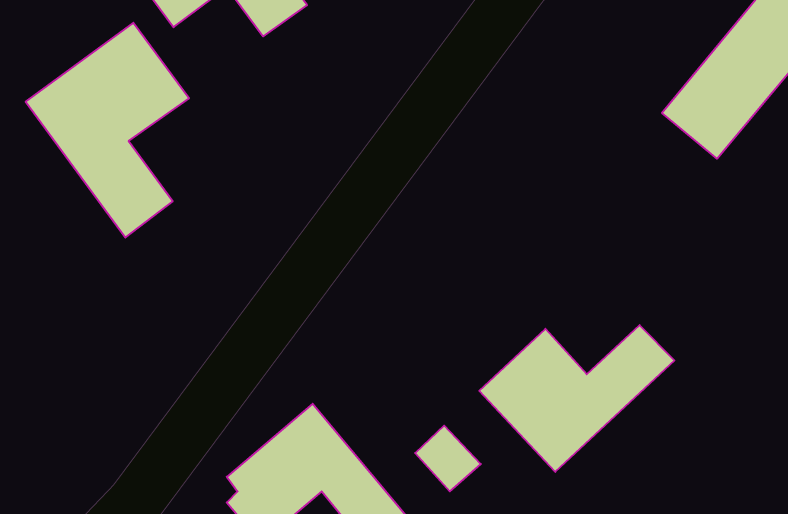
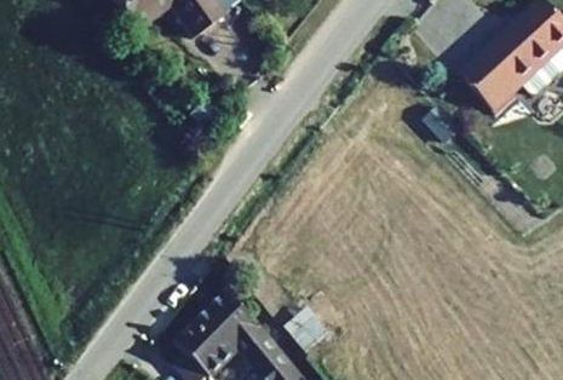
building: [26,23,189,238] -> none
building: [479,325,674,472] -> none

